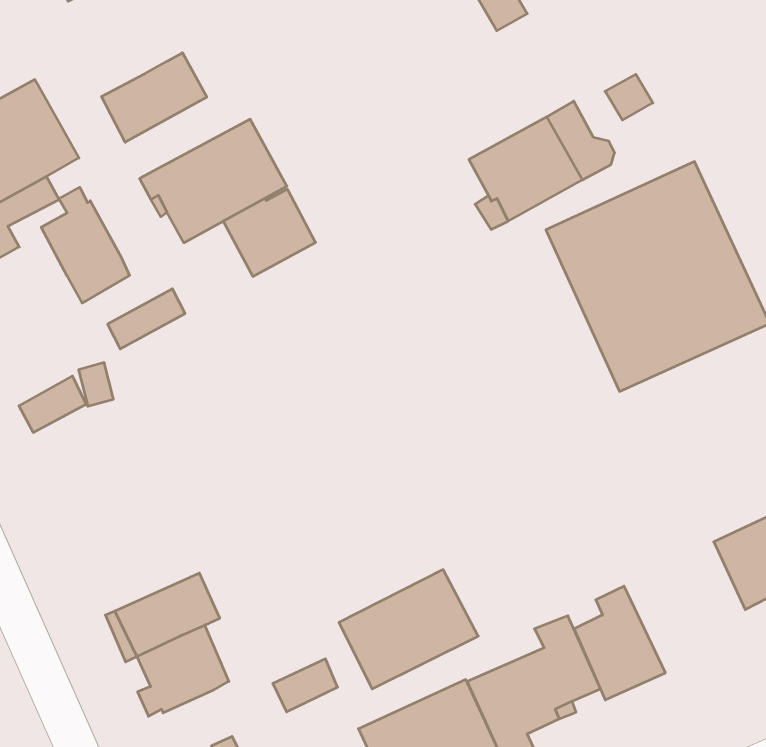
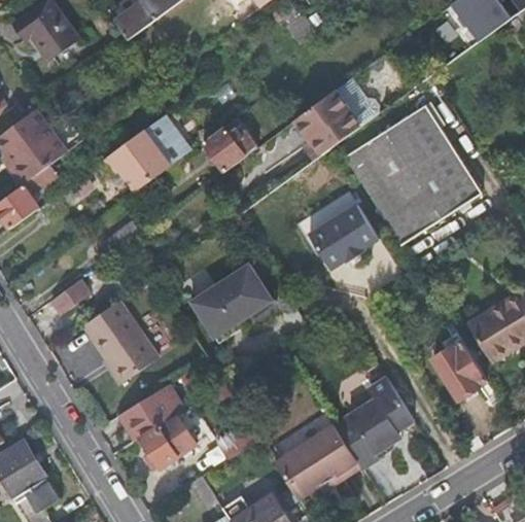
building: [102,53,207,142] -> none
building: [41,187,130,303] -> none
building: [223,189,316,276] -> [202,117,257,171]
building: none -> [308,204,379,270]
building: none -> [82,300,157,384]
building: [339,570,478,689] -> [198,258,280,334]
building: [574,586,665,700] -> [430,332,487,399]

